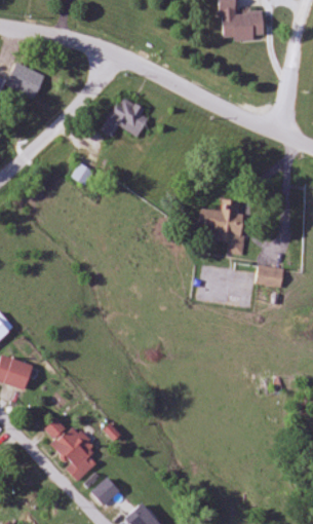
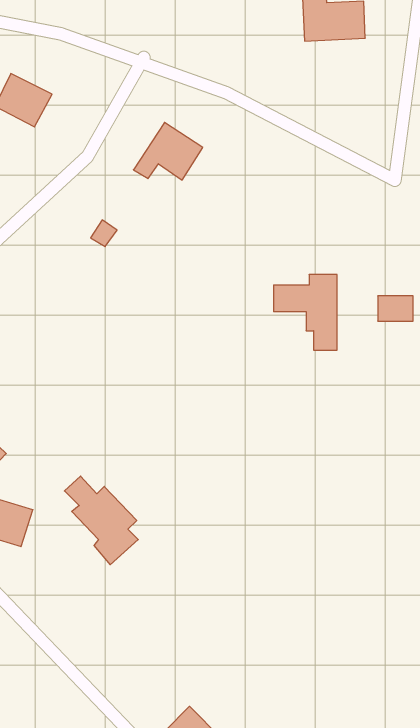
building: [258,266,282,284] -> [378,296,413,321]
building: [45,419,96,481] -> [64,476,138,565]
building: [90,477,119,506] -> none

